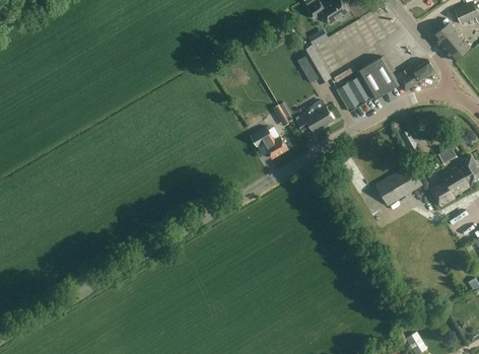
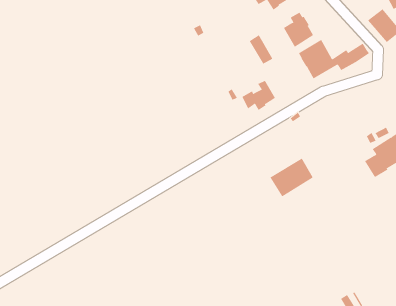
building: [336,72,369,111] -> [283,12,314,47]
building: [249,126,286,158] -> none
building: [373,163,421,206] -> [270,158,313,197]

